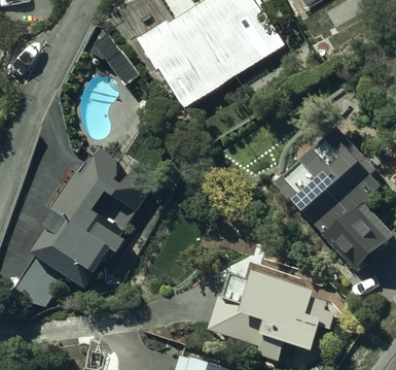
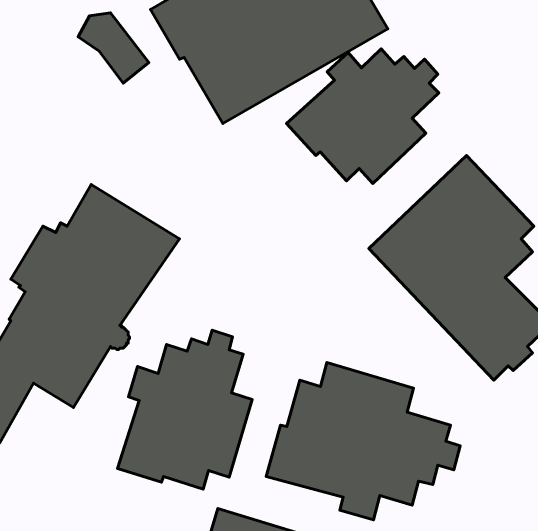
building: none -> [287,49,439,184]
building: none -> [117,330,252,489]

